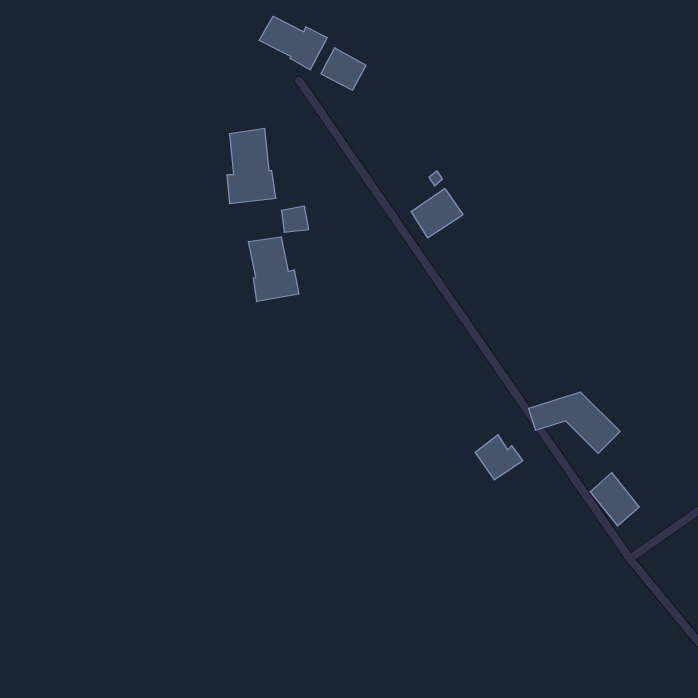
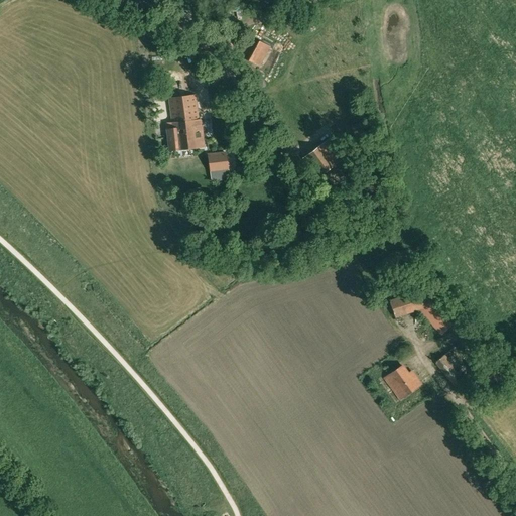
building: [259,16,327,70] -> none
building: [249,237,299,302] -> none
building: [475,435,523,480] -> [386,365,421,398]

